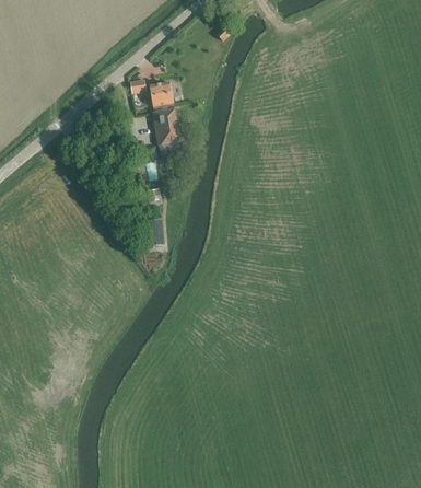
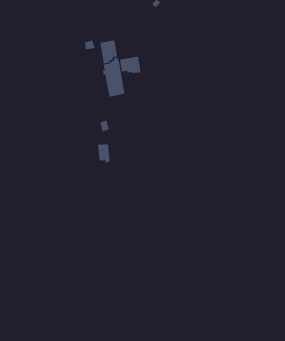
building: none -> [119,56,142,74]

